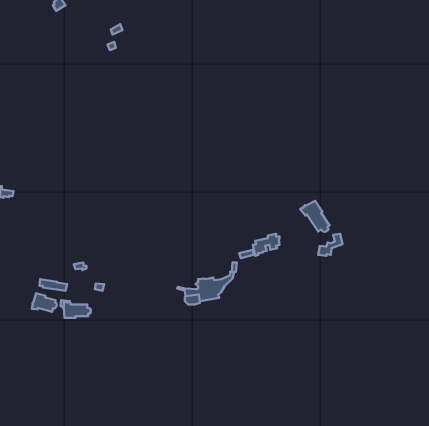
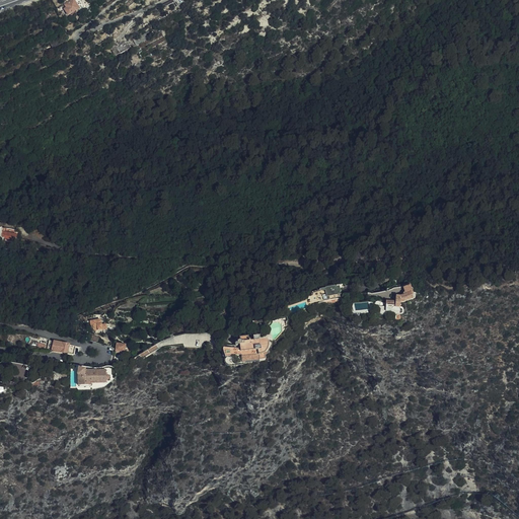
building: [300,201,330,232] -> none
building: [32,293,57,312] -> none

